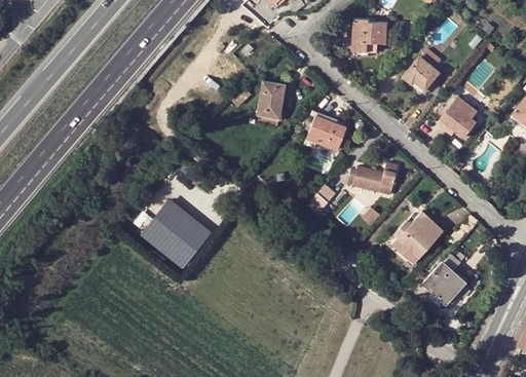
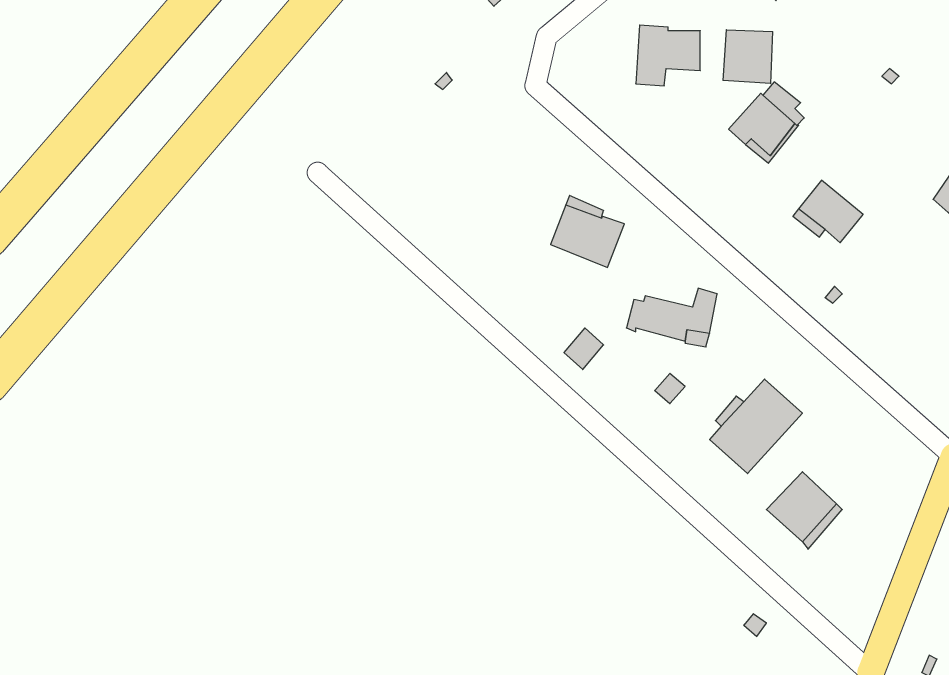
building: none -> [723,30,773,84]
building: [255,82,285,125] -> none
building: [145,201,210,265] -> none

